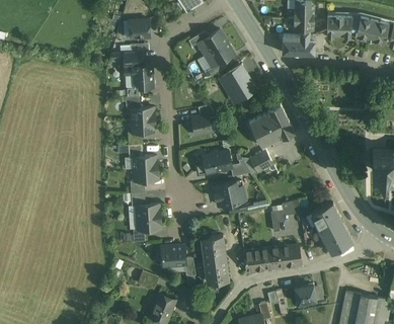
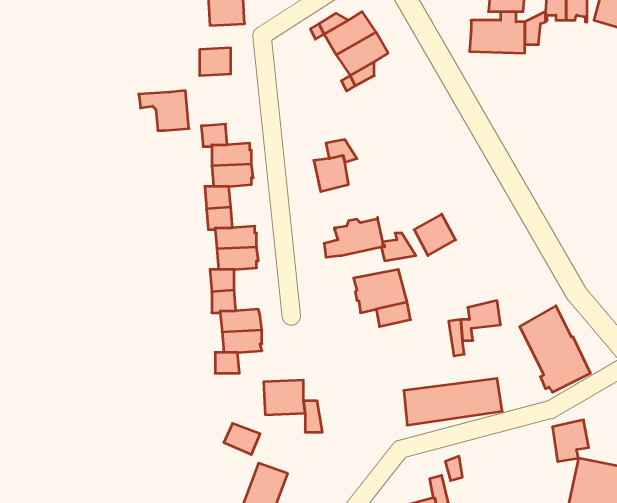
building: [219,63,259,103] -> none
building: [124,66,153,89] -> [139,91,189,130]
building: [248,105,291,147] -> none
building: [202,236,228,282] -> none
building: [295,285,316,309] -> [552,420,589,462]

